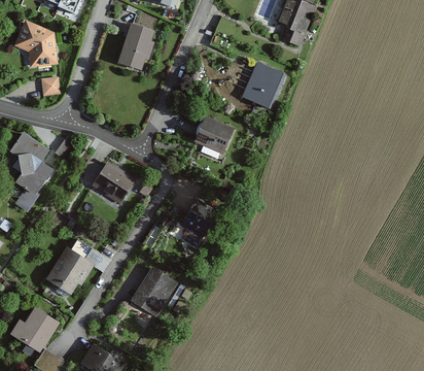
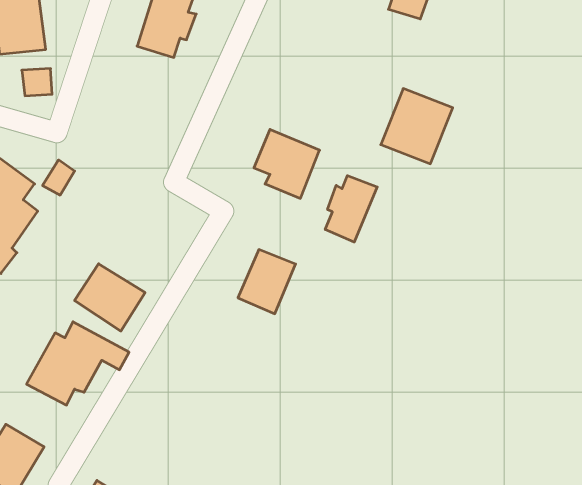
building: [240,62,286,110] -> [381,89,453,164]
building: none -> [325,176,377,242]
building: [92,160,137,203] -> [75,264,145,331]
building: [133,267,176,314] -> none

